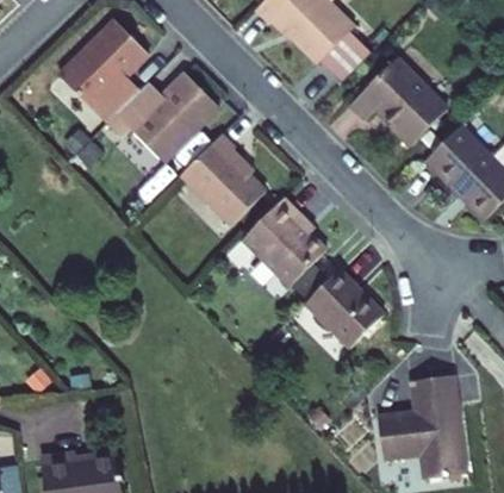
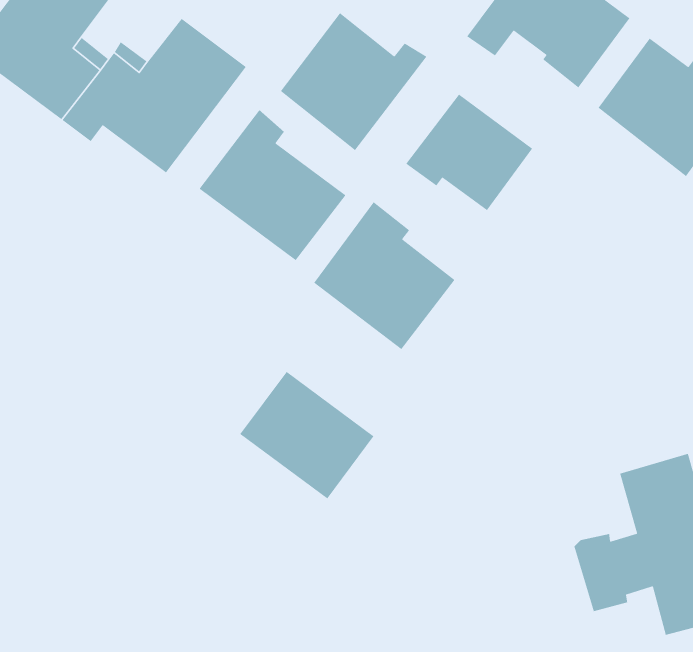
building: none -> [280,12,427,151]
building: none -> [405,93,533,211]
building: [304,269,384,349] -> [239,371,375,500]

